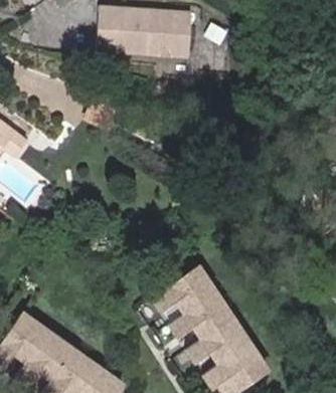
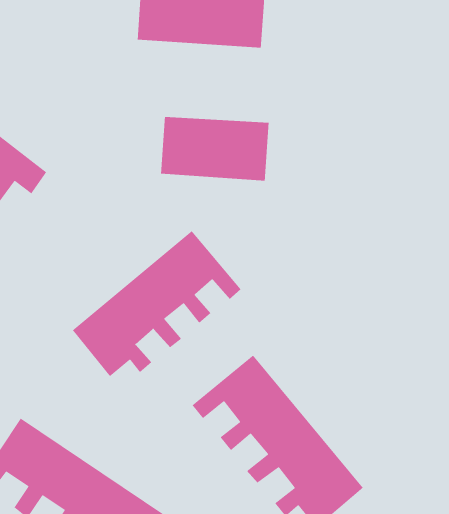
building: none -> [160,116,269,181]
building: none -> [72,230,242,377]

